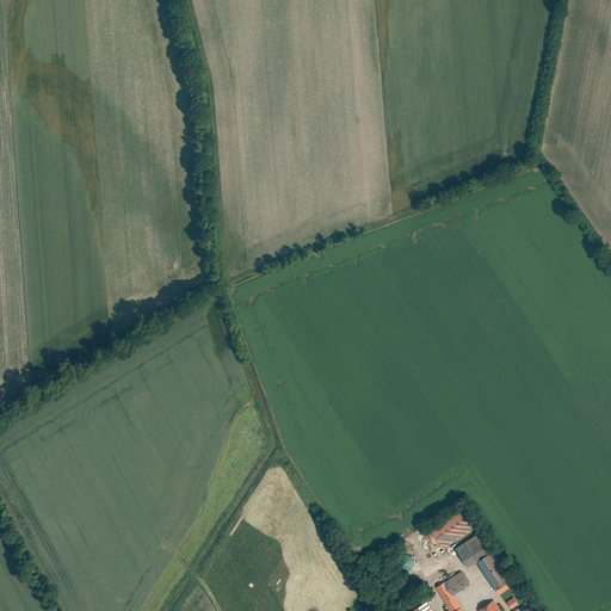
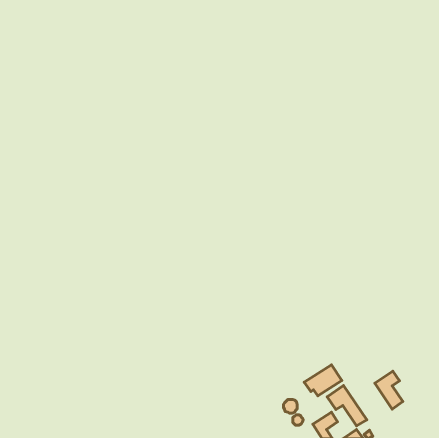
building: none -> [375,371,403,409]

